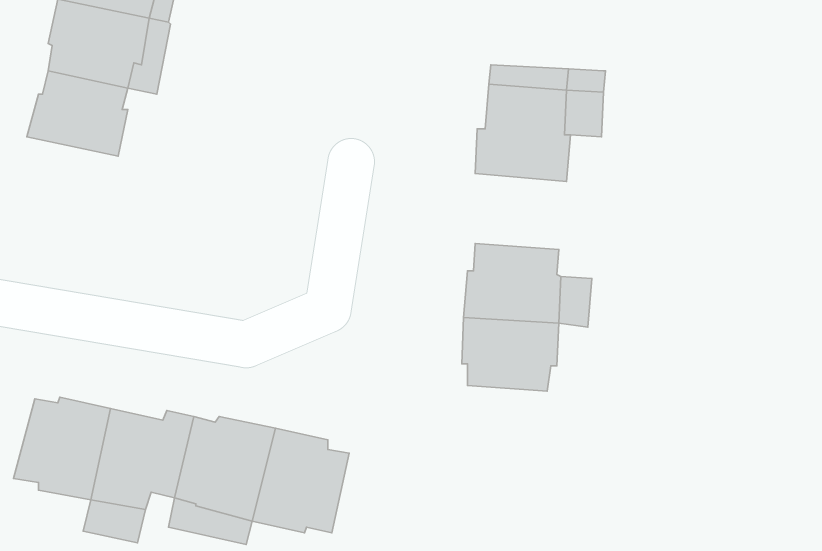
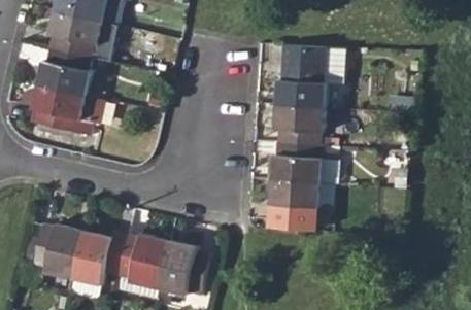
building: none -> [31,84,91,136]
building: none -> [272,104,324,144]

